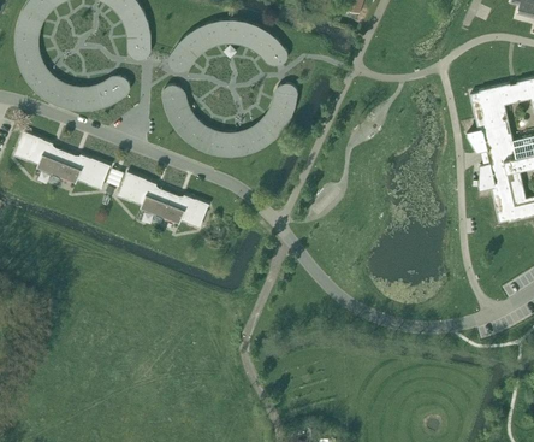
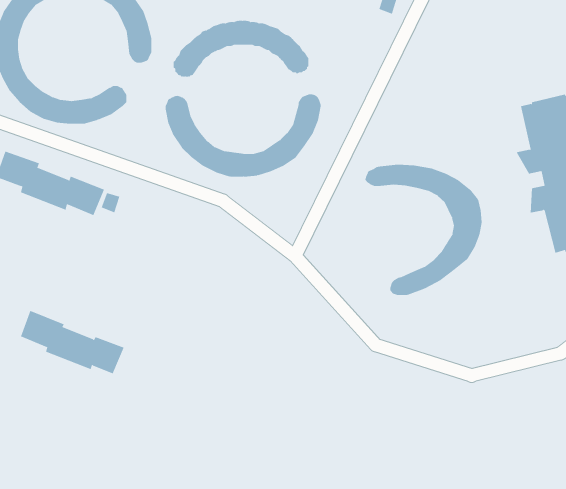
building: none -> [365,164,482,296]
building: [118,172,208,228] -> [20,310,124,374]

